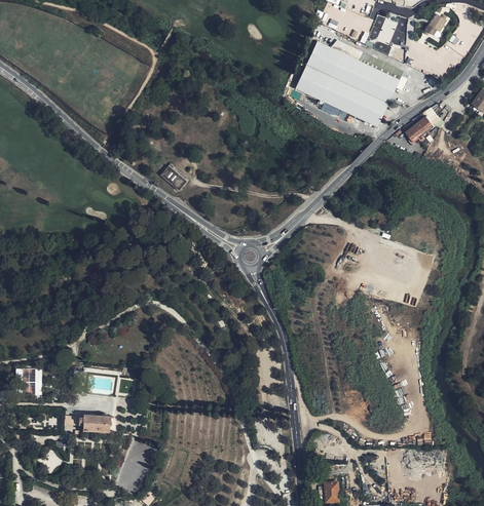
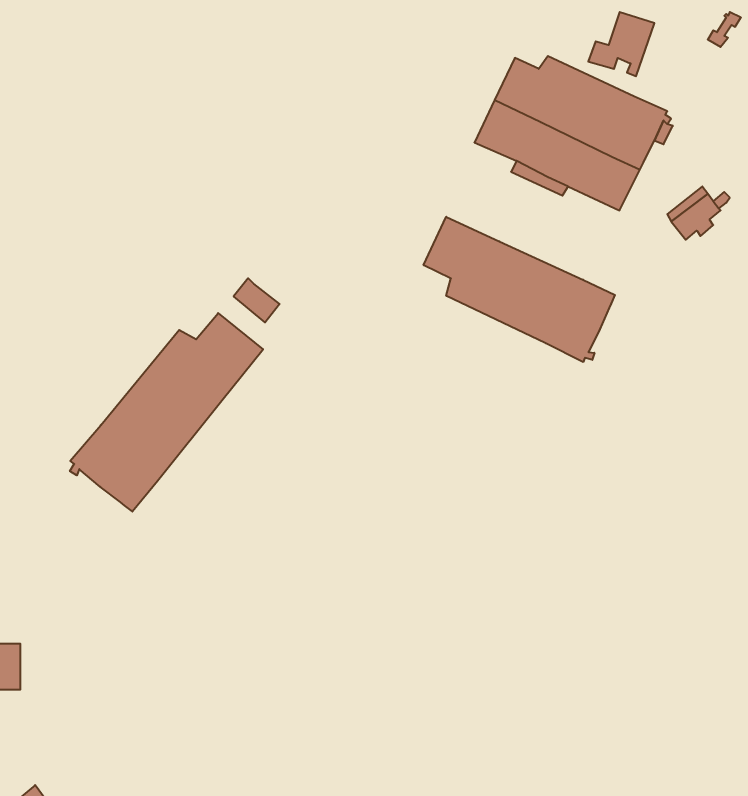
building: none -> [424,217,615,362]
building: none -> [70,313,263,512]
building: [78,415,111,432] -> none

